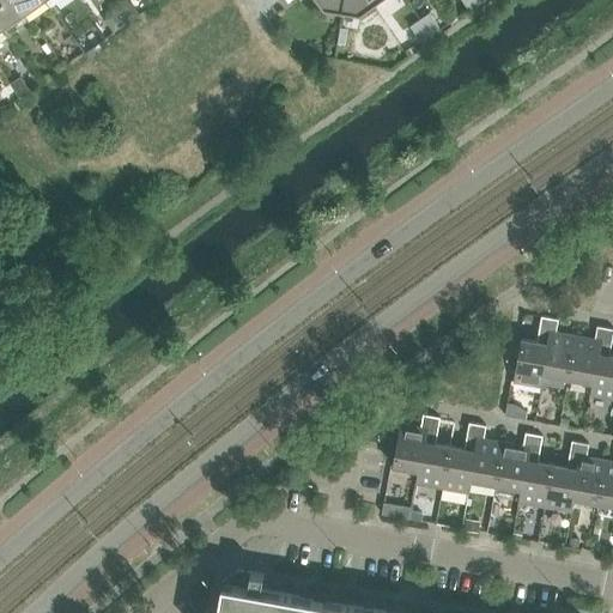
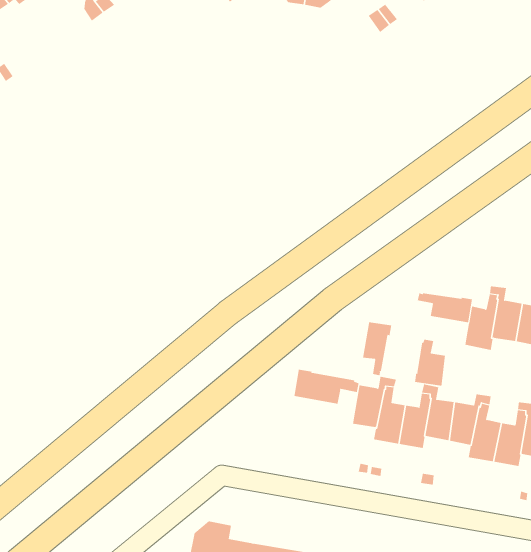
building: none -> [417,292,473,323]
building: none -> [362,322,392,376]
building: none -> [414,339,446,387]
building: none -> [294,369,359,405]

